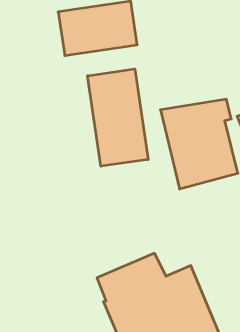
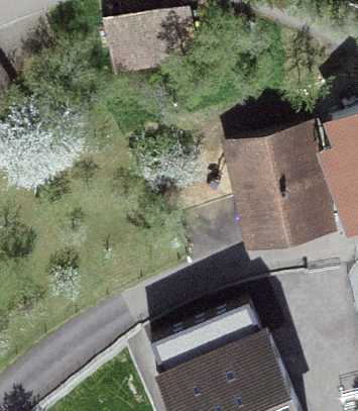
building: [88,69,148,166] -> none

